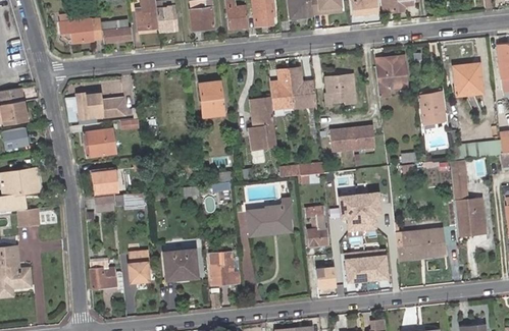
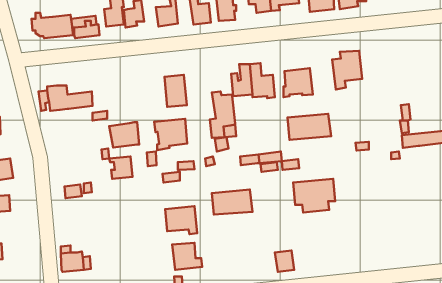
building: [452,65,482,95] -> none
building: [420,92,444,122] -> none
building: none -> [154,119,187,150]
building: [83,129,114,156] -> [109,122,139,148]
building: [450,160,482,234] -> none
building: [93,170,117,194] -> [109,156,132,179]
building: [305,206,327,246] -> none
building: [396,228,445,260] -> none
building: [163,247,197,277] -> [165,206,197,234]
building: [128,254,148,281] -> none
building: [343,254,388,283] -> none

